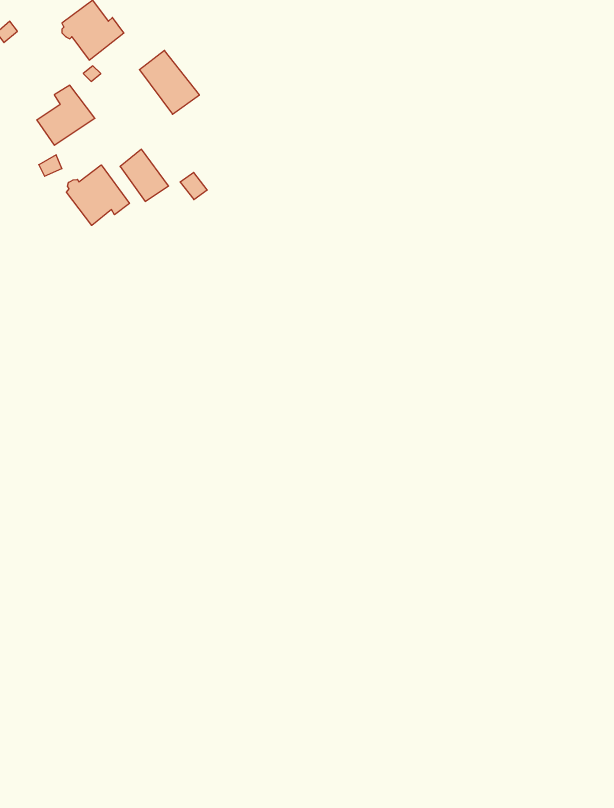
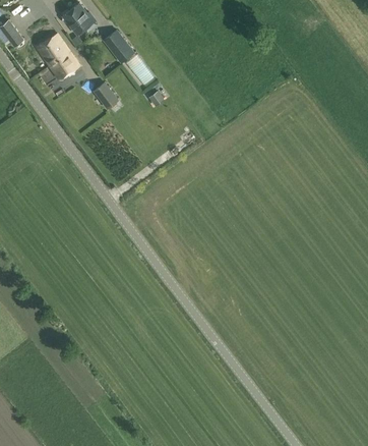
building: none -> [37,33,67,65]
building: [66,165,129,225] -> none

